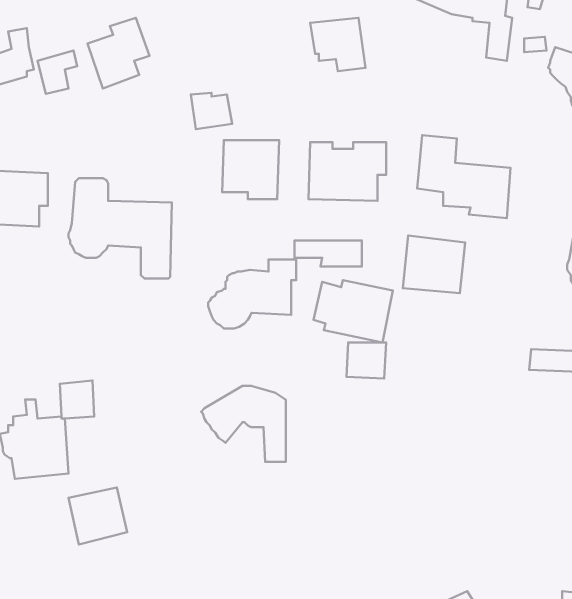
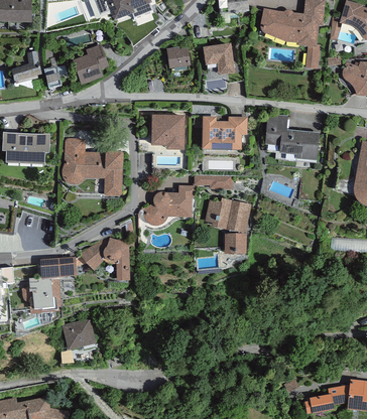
building: [191,93,232,129] -> [166,46,191,67]
building: [403,236,465,293] -> none
building: [201,386,286,462] -> [80,237,129,281]

